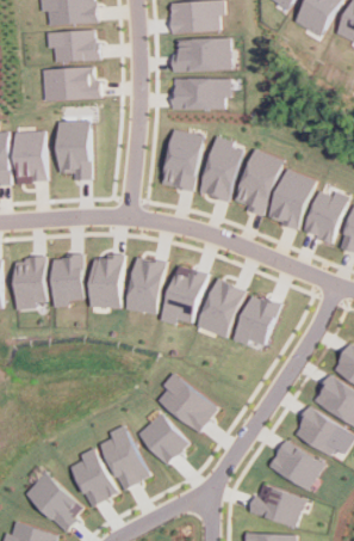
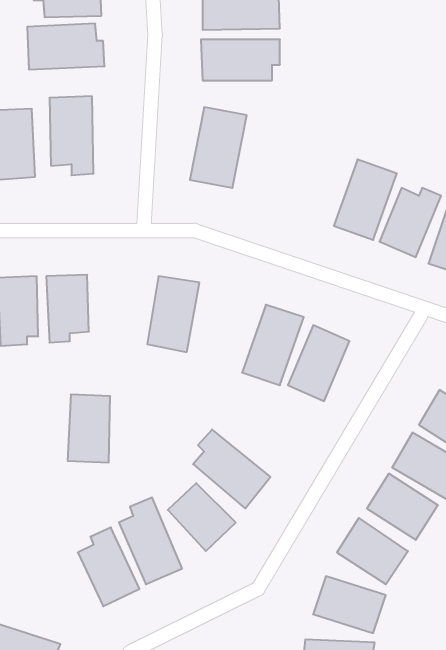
building: [198,136,244,201] -> none
building: [232,148,284,214] -> none
building: [91,256,123,307] -> [68,395,110,463]
building: [162,265,207,325] -> none
building: [29,472,88,530] -> none

